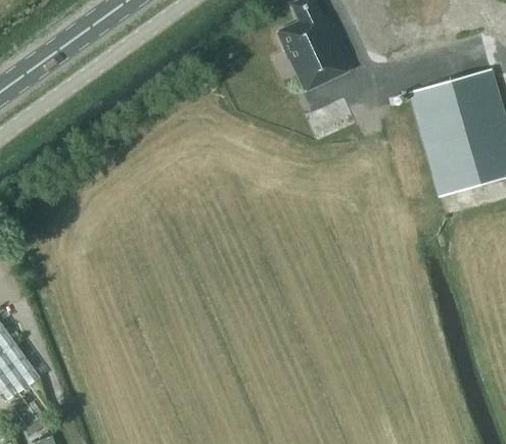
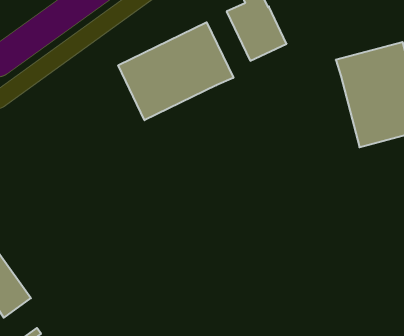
building: none -> [118,22,233,120]

